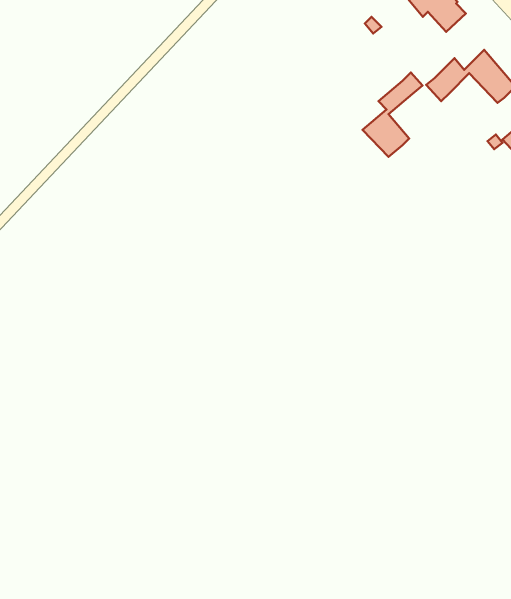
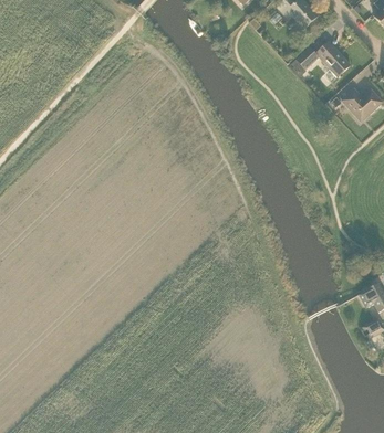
building: [363,73,423,157] -> none

